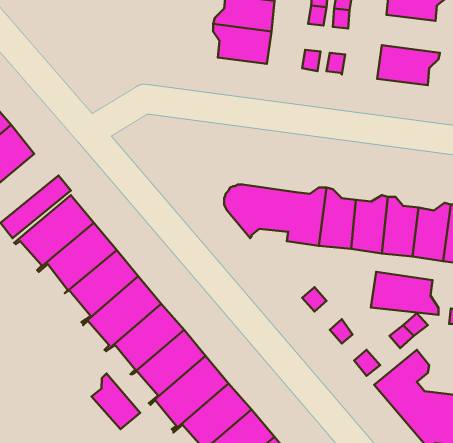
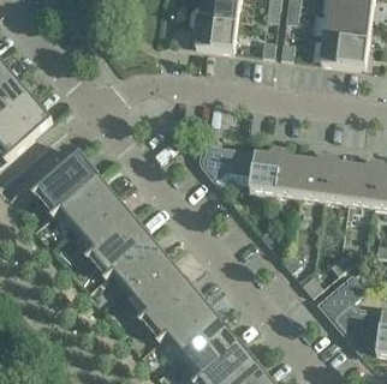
building: none -> [322,13,368,43]
building: [371,272,439,315] -> none
building: [92,373,140,429] -> none

